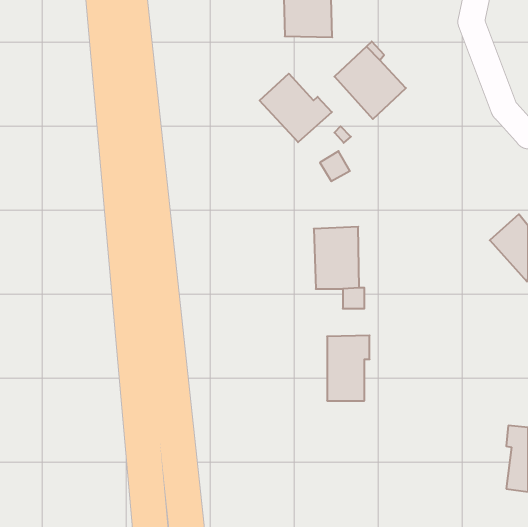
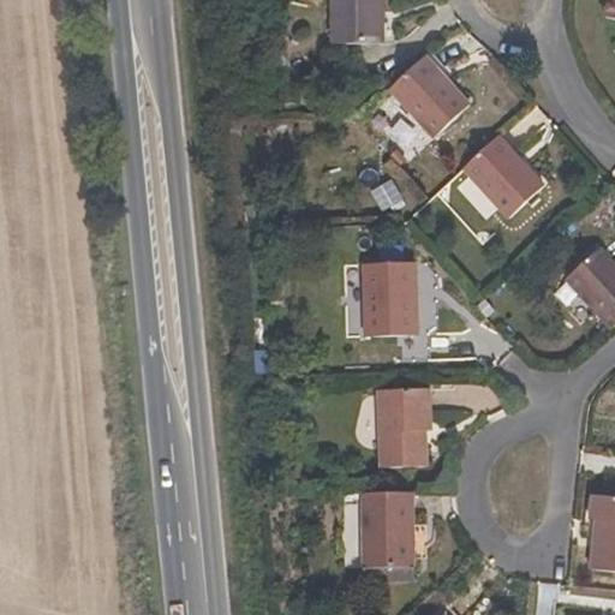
building: [260,74,332,142] -> none
building: none -> [461,133,547,219]
building: none -> [363,492,412,566]

